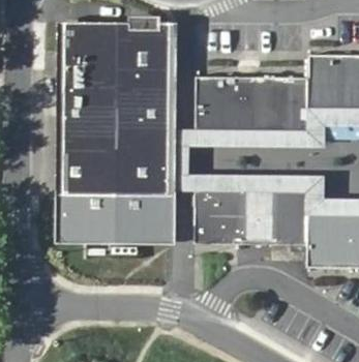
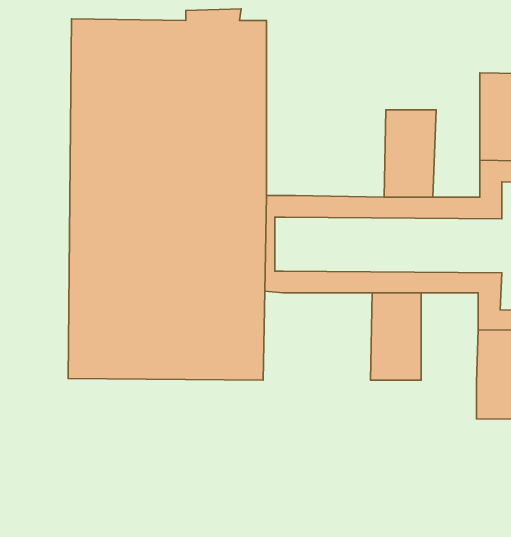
building: [196,77,251,131] -> none
building: [280,78,309,131] -> none
building: [196,190,243,244] -> none
building: [273,190,308,245] -> none

